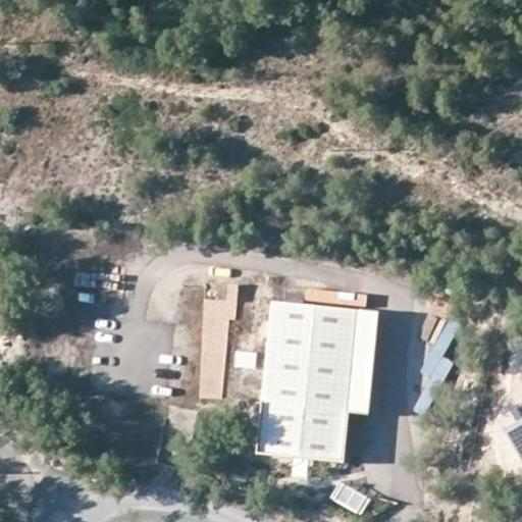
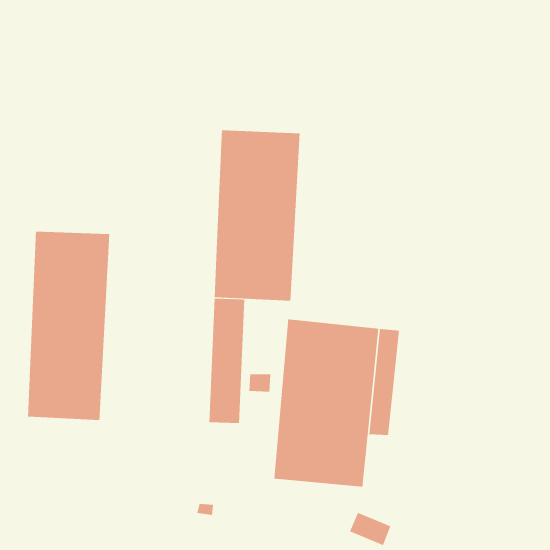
building: none -> [214,130,300,302]
building: none -> [27,231,110,421]

